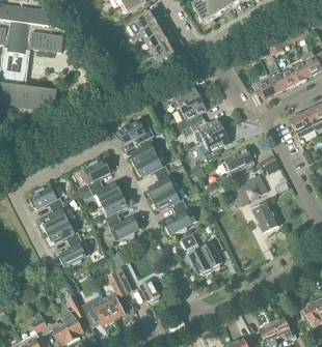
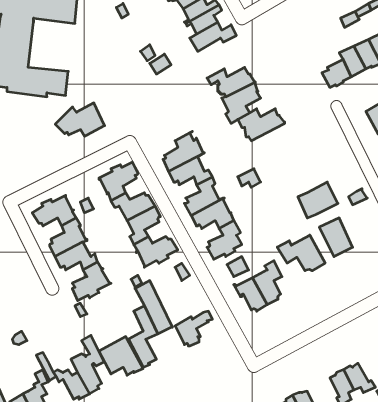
building: [115,117,154,143] -> [55,103,105,136]
building: [196,128,230,161] -> none
building: [221,147,253,172] -> none
building: none -> [277,235,325,271]

